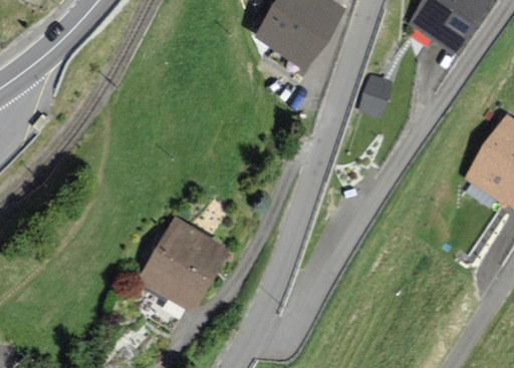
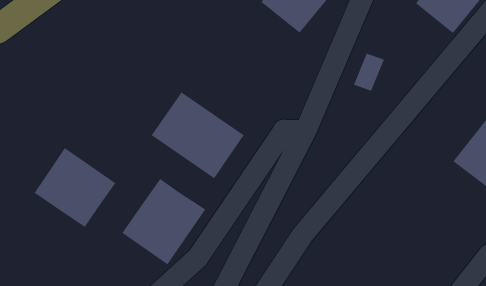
building: none -> [151,91,245,179]
building: none -> [34,147,116,228]

